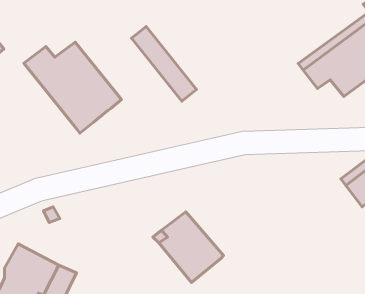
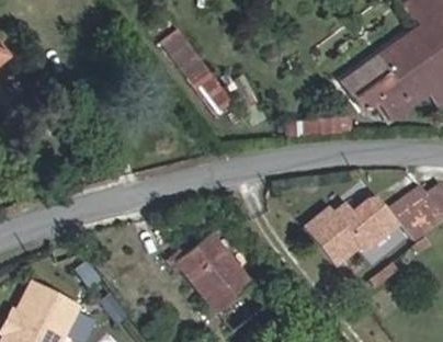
building: [24,42,122,133] -> none
building: none -> [306,197,399,265]

